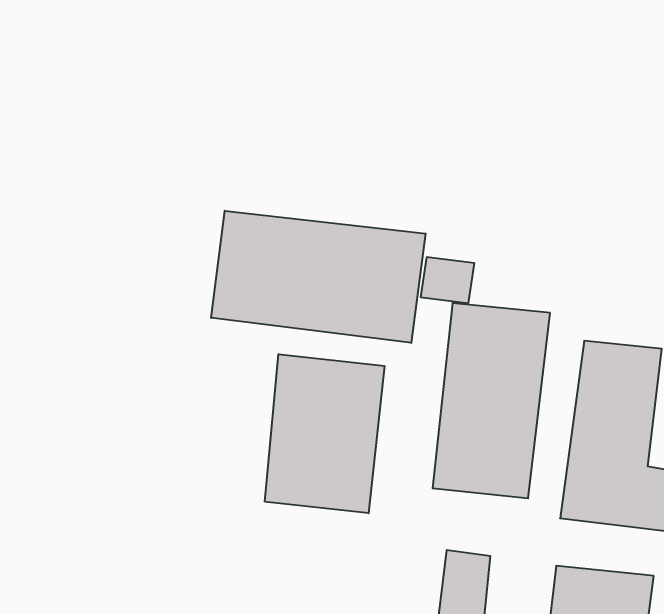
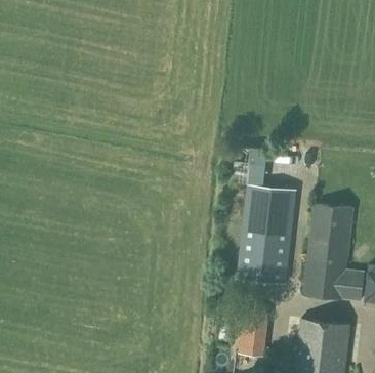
building: [211,211,426,343] -> none
building: [265,354,384,513] -> none

